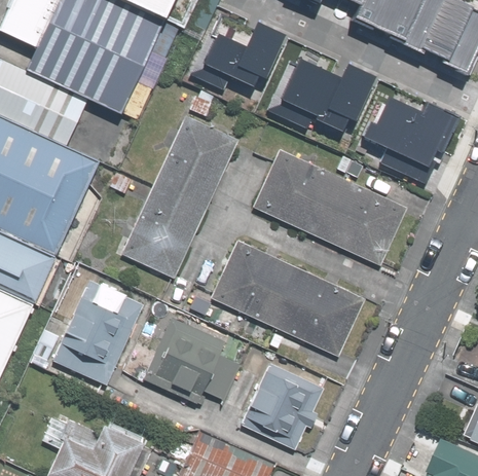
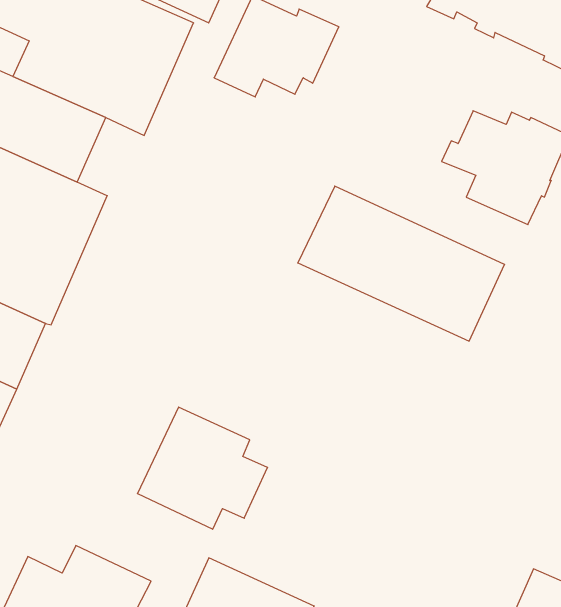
building: [263,53,371,126] -> none
building: [120,116,240,281] -> none
building: [210,242,366,359] -> none
building: [48,278,137,388] -> none
building: [228,358,317,453] -> none

